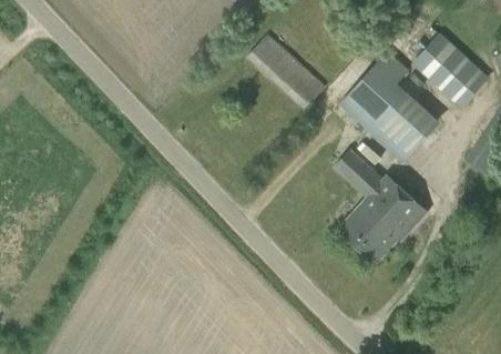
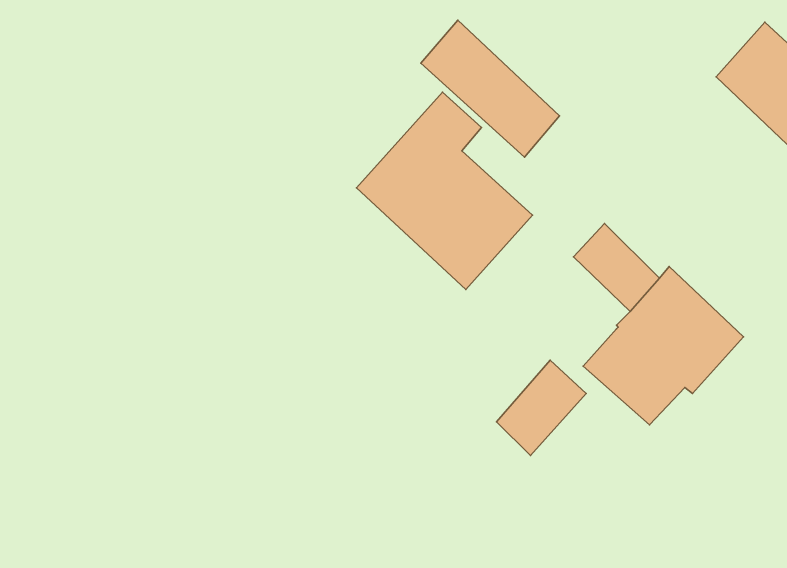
building: [338,50,438,162] -> [356,92,532,290]
building: none -> [496,360,586,455]

